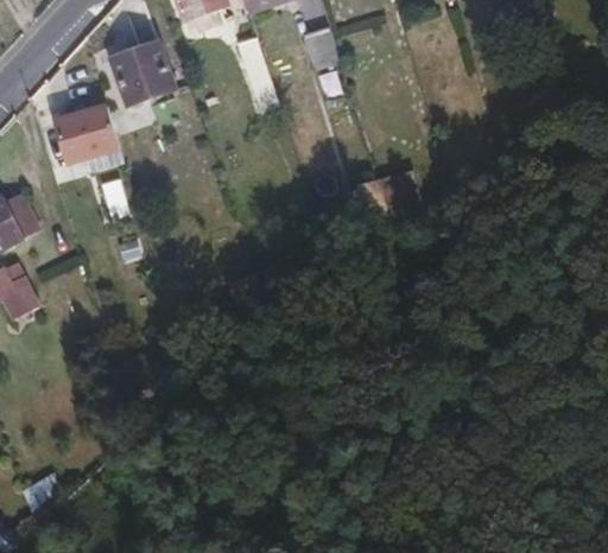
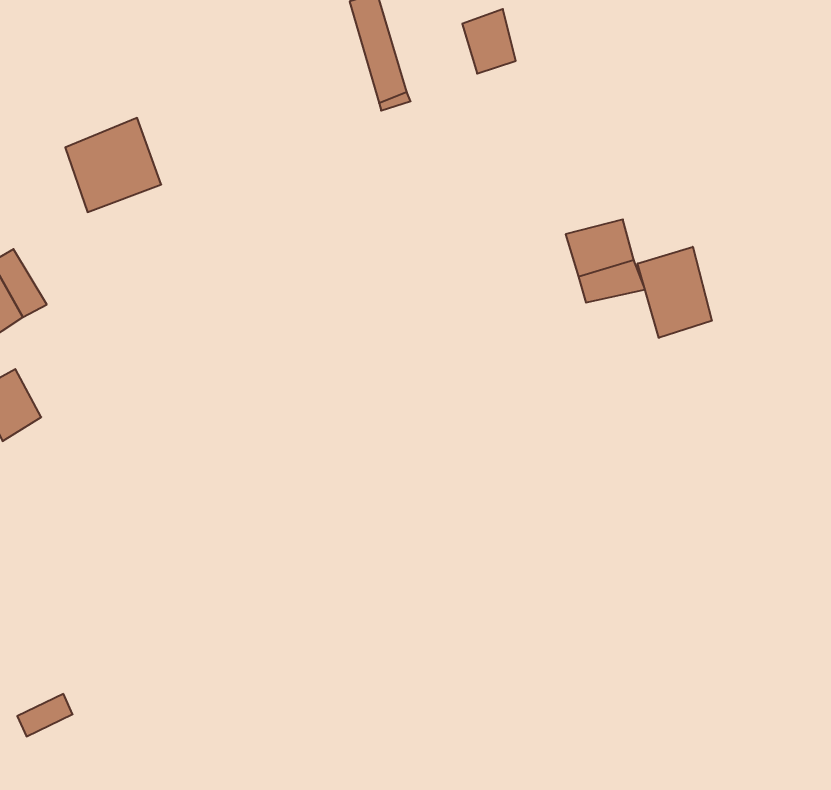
building: [106,38,171,107] -> none
building: none -> [638,247,712,338]

